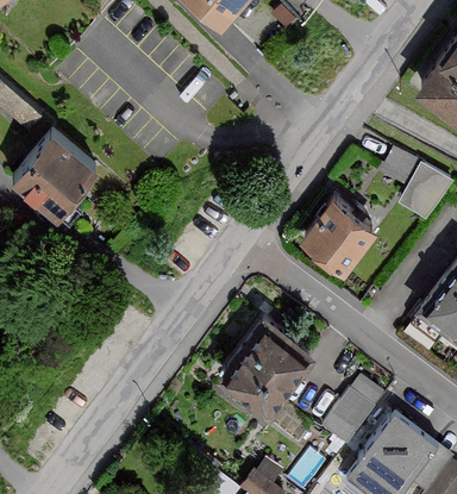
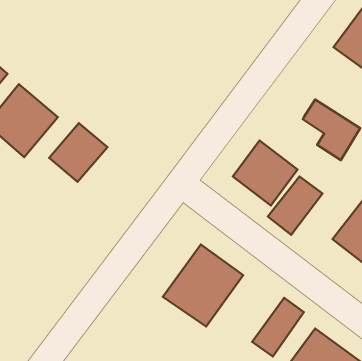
building: none -> [49,123,107,182]
building: none -> [268,177,322,235]

